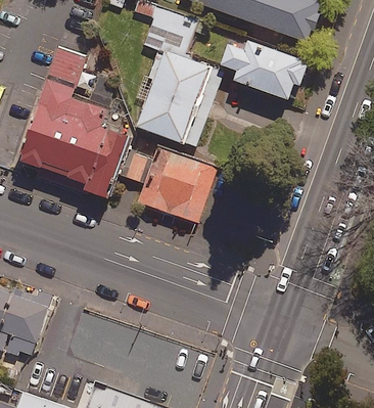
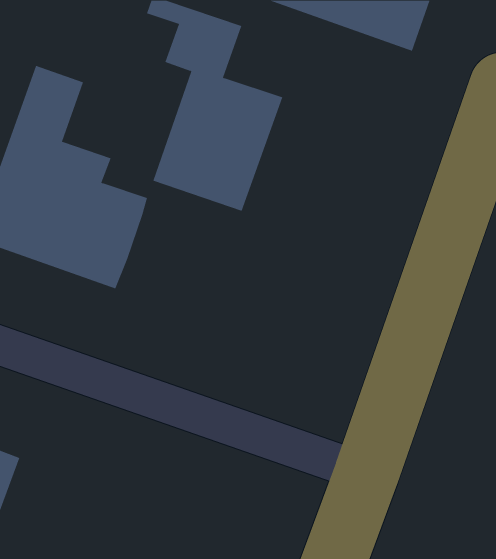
building: [219,36,306,97] -> none
building: [118,144,217,223] -> none

